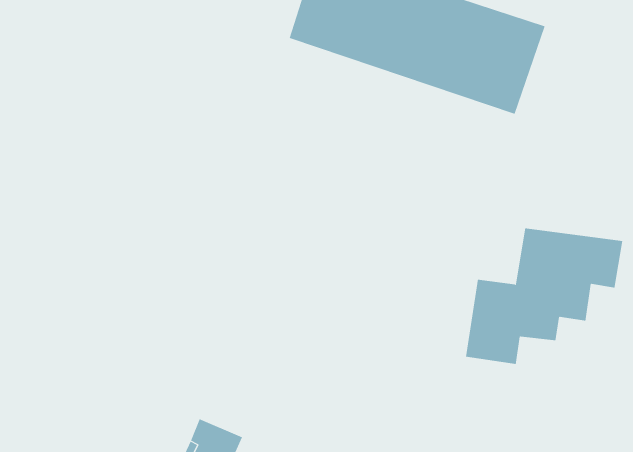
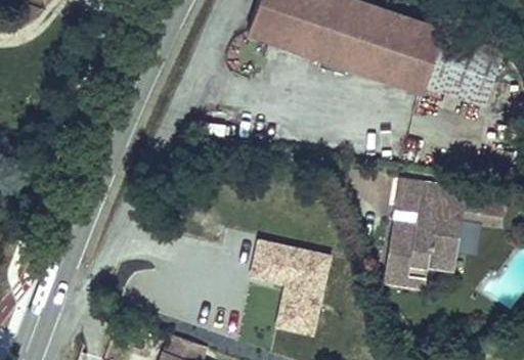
building: none -> [392,180,429,229]
building: none -> [254,237,332,329]

